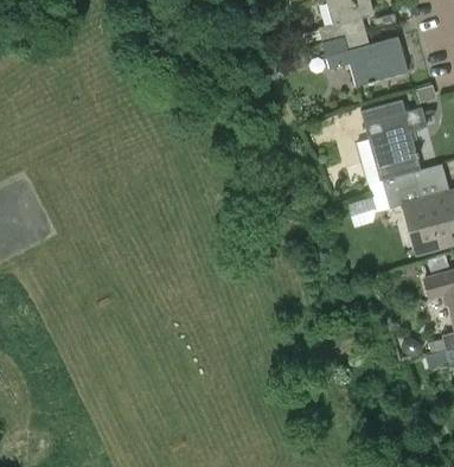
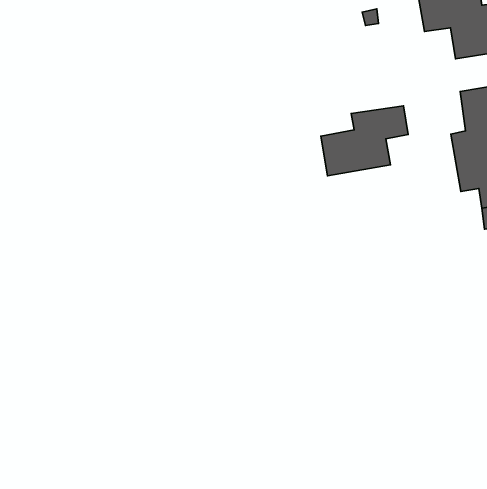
building: none -> [321,106,408,176]

